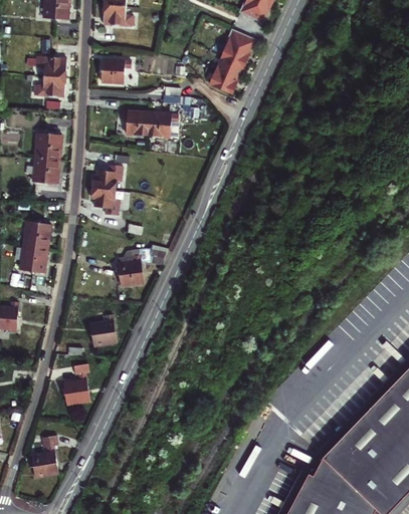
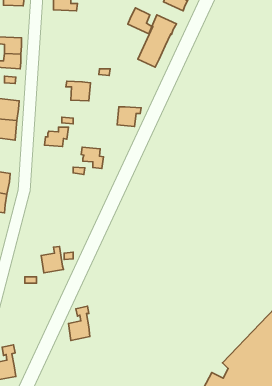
building: none -> [128,8,152,34]
building: [103,59,132,83] -> none
building: [149,113,178,138] -> [117,107,141,127]
building: [93,190,121,216] -> [81,147,103,168]
building: [118,254,145,285] -> none
building: [64,363,90,406] -> [69,306,90,341]

